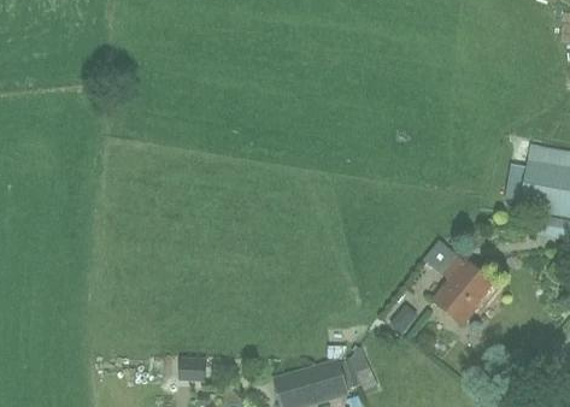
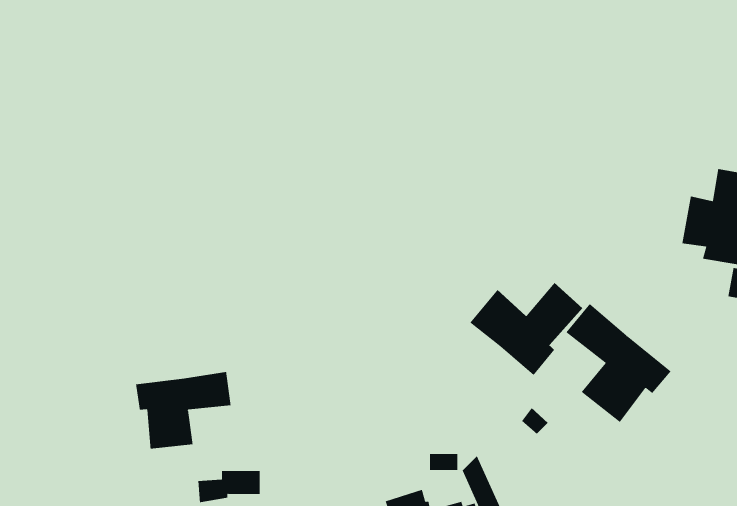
building: none -> [470,282,583,376]
building: none -> [135,371,231,449]

